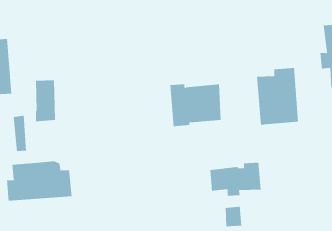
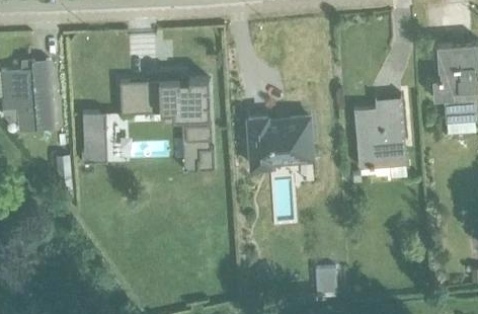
building: none -> [121,78,215,170]
building: [7,161,72,202] -> none
building: [210,162,261,197] -> none

